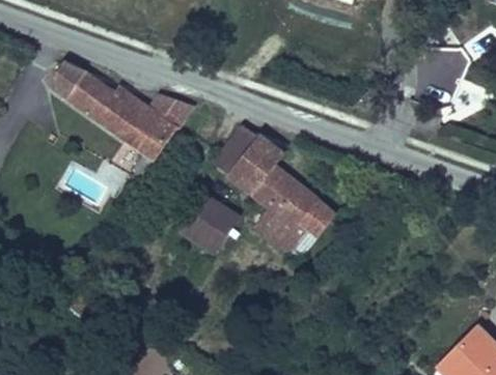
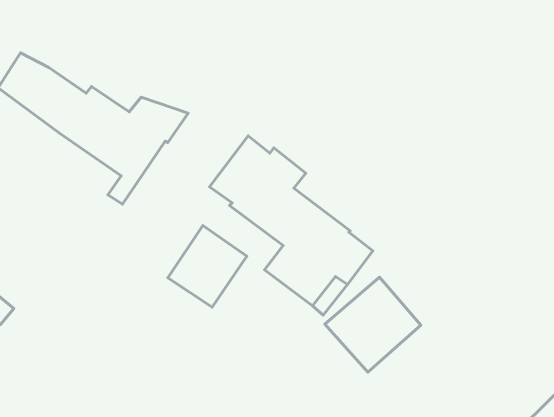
building: none -> [325,277,421,372]

